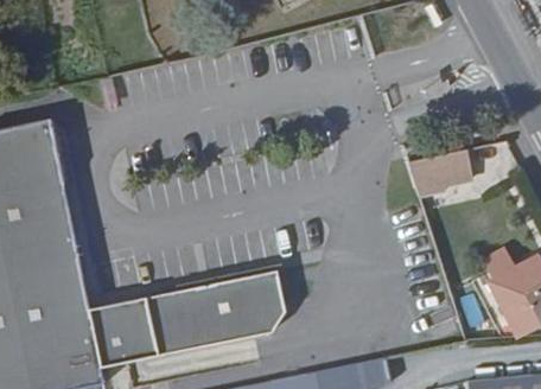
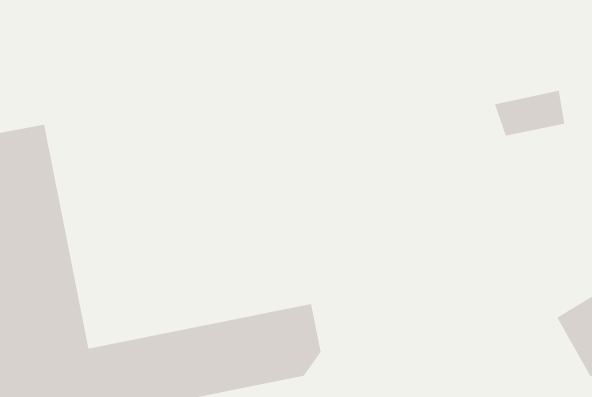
building: [418,154,478,193] -> [494,90,565,136]

